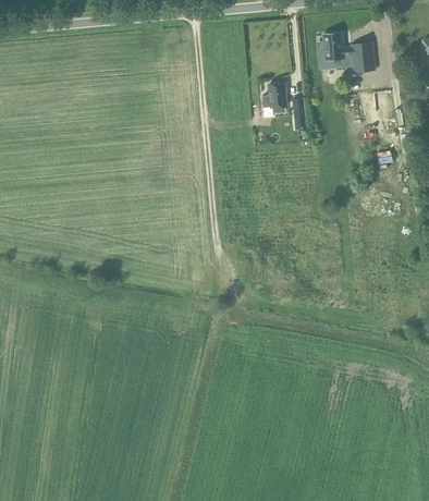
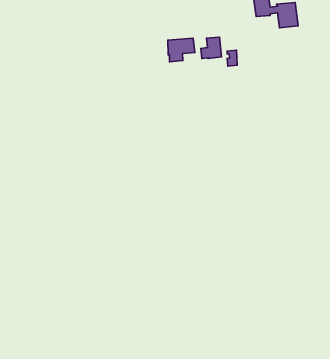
building: none -> [168,38,195,62]

